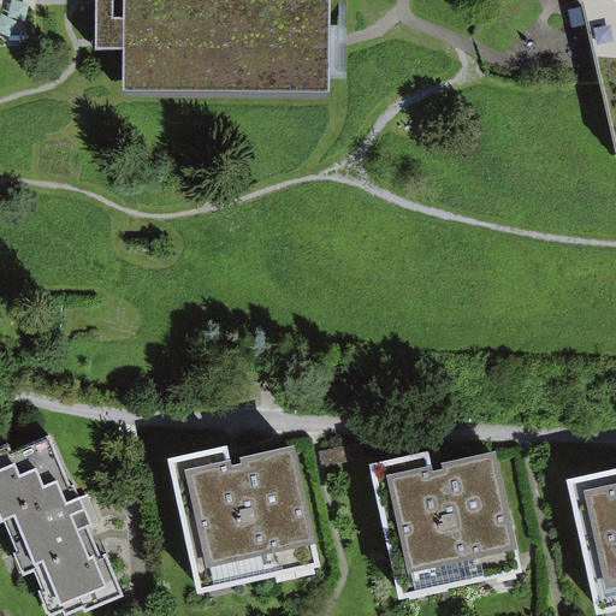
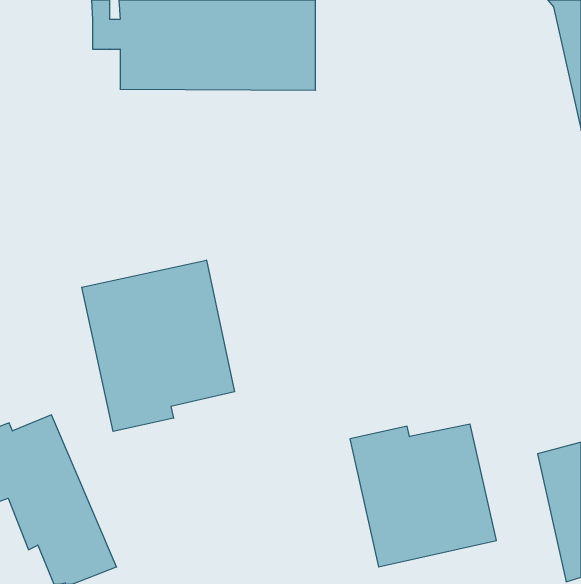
building: none -> [82,260,235,431]
building: [168,440,321,591] -> none

